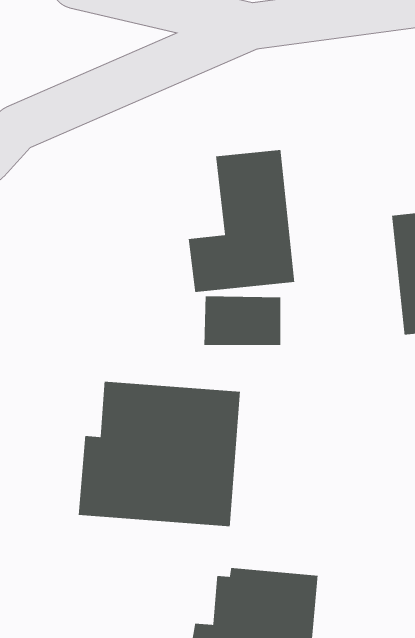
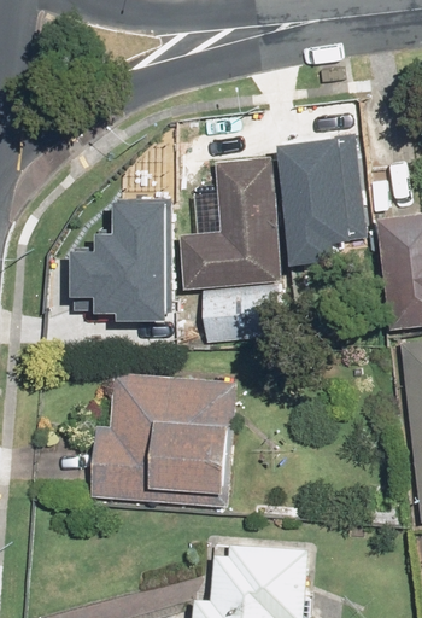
building: none -> [276,141,368,270]
building: none -> [69,193,171,317]

